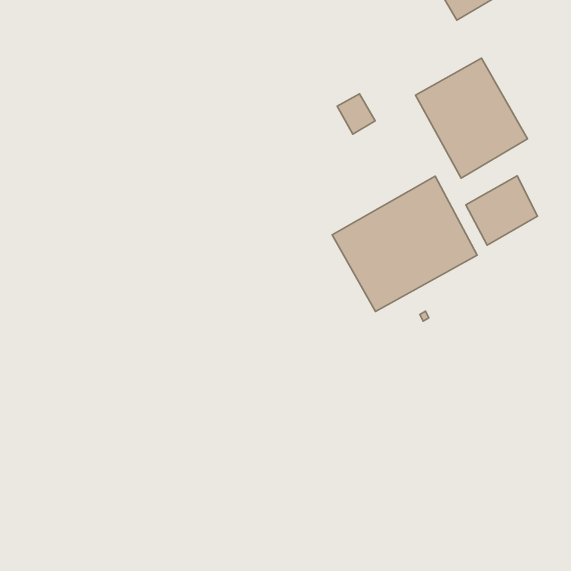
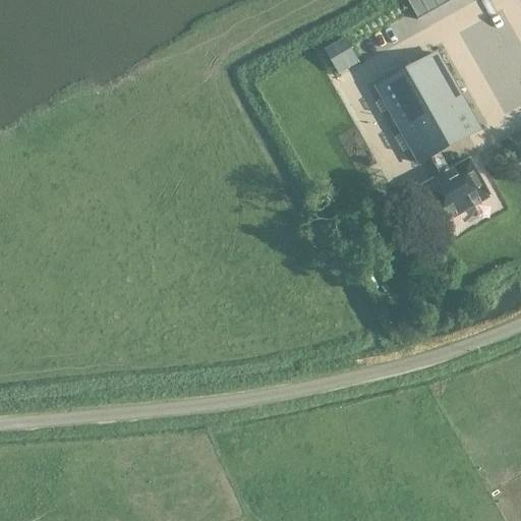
building: [337,94,375,134] -> [324,37,358,73]
building: [332,176,477,311] -> none

